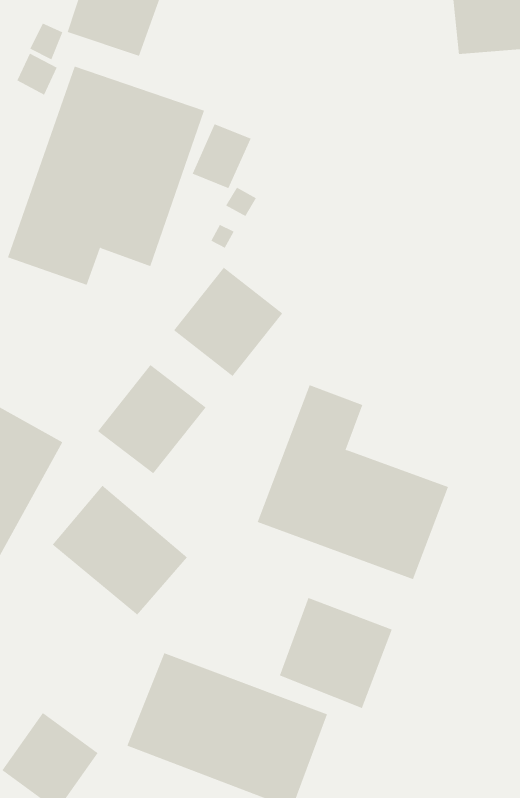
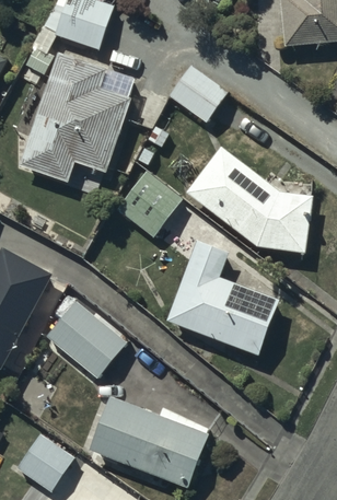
building: none -> [168,66,228,123]
building: none -> [184,138,309,242]
building: [97,364,207,474] -> none
building: [279,597,392,709] -> none

